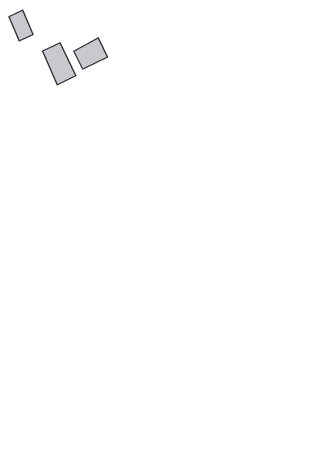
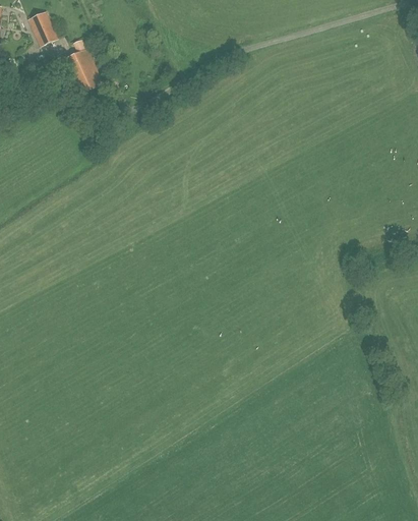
building: [74,38,108,69] -> none

